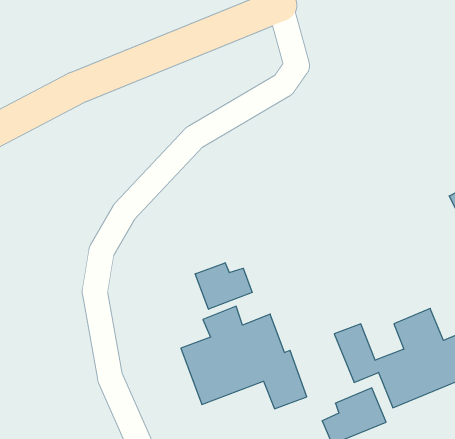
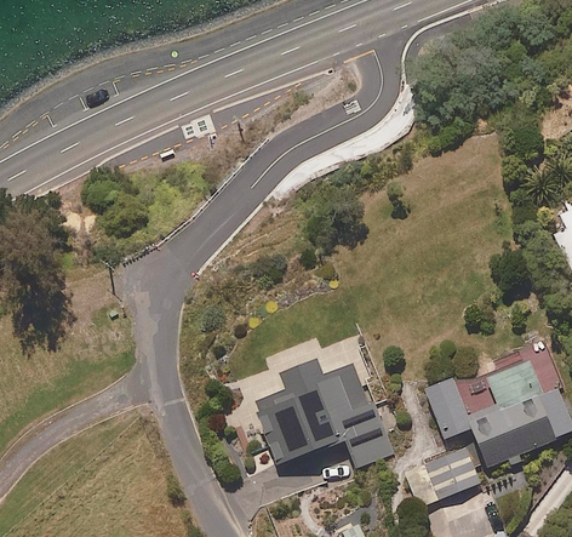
building: [195,263,252,309] -> none

